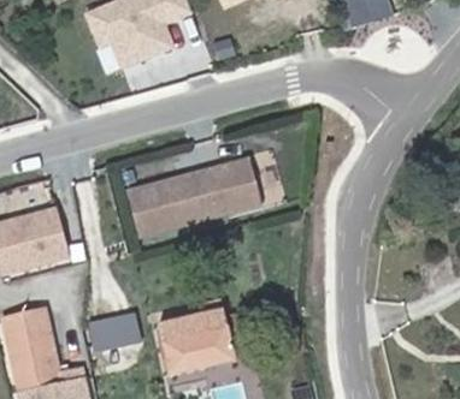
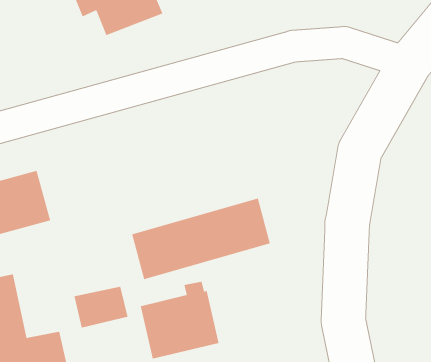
building: [123,156,258,236] -> [131,198,271,280]

